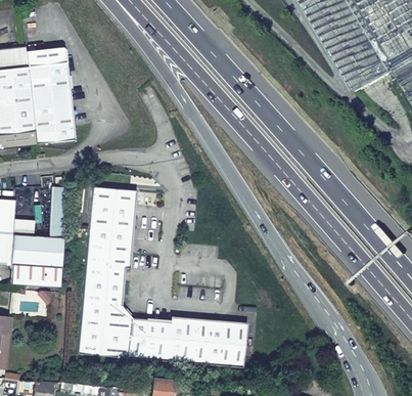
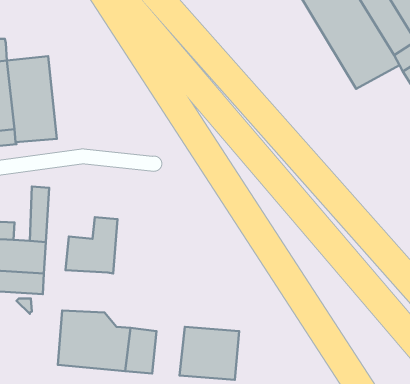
building: [29,47,68,68] -> none
building: [88,186,136,235] -> none
building: [82,265,125,305] -> none
building: [167,317,197,364] -> none

